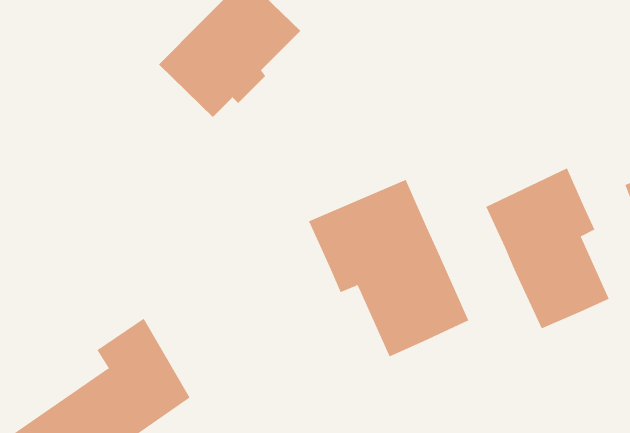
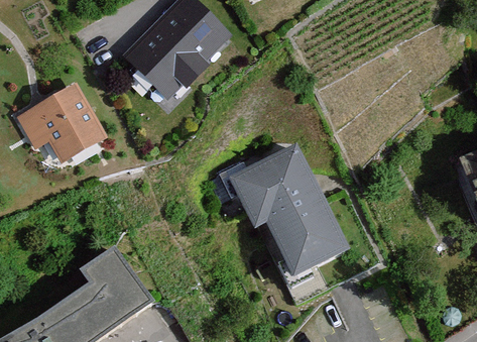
building: none -> [18,88,99,160]
building: [485,168,610,329] -> none

